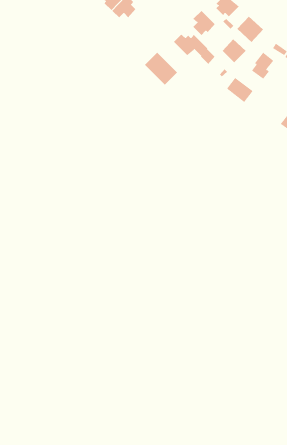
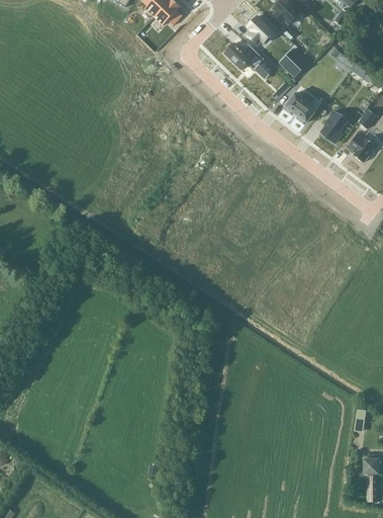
building: [237,16,264,43] -> none
building: [144,52,178,86] -> none
building: [251,52,274,79] -> [317,107,344,139]

